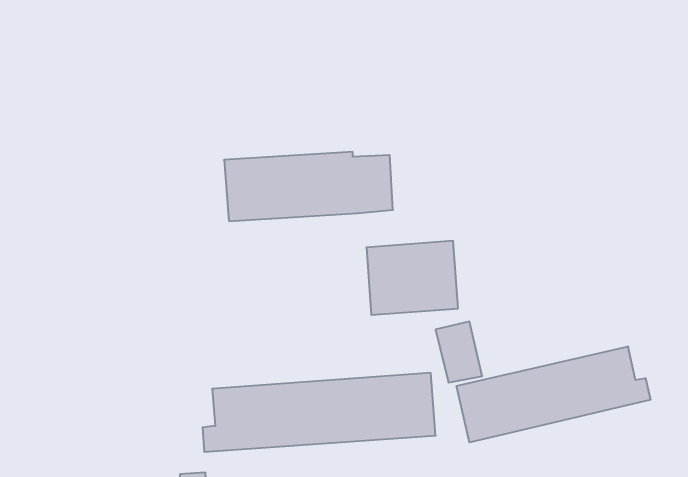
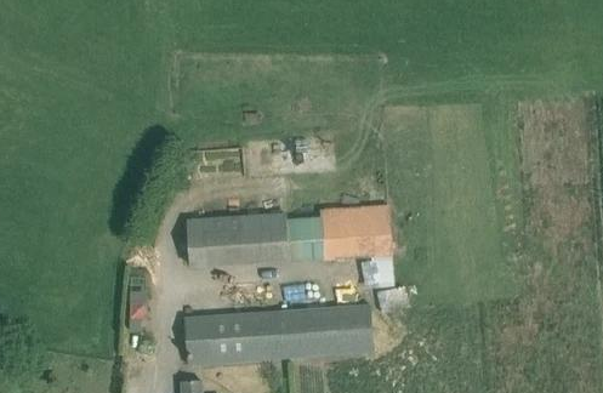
building: [224,152,393,221] -> [186,213,313,266]
building: [456,346,651,442] -> none

